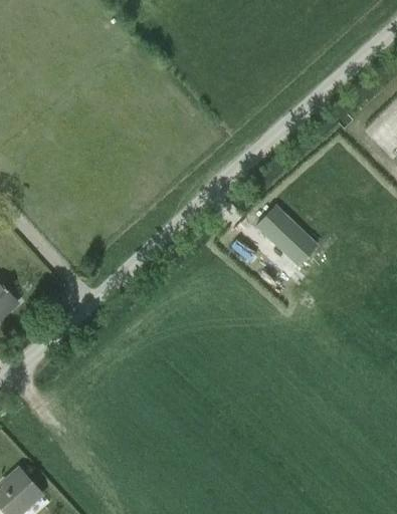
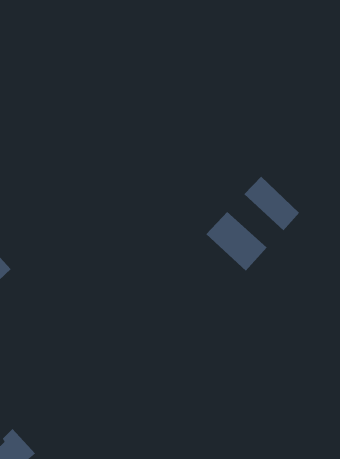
building: none -> [206,211,268,271]

